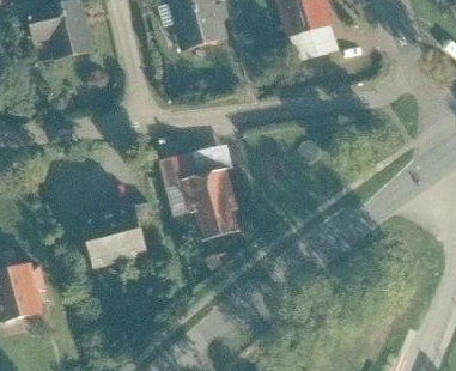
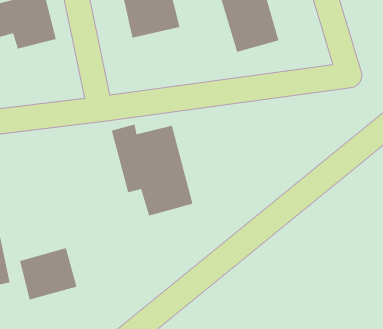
building: [84,208,147,266] -> [19,247,78,300]

